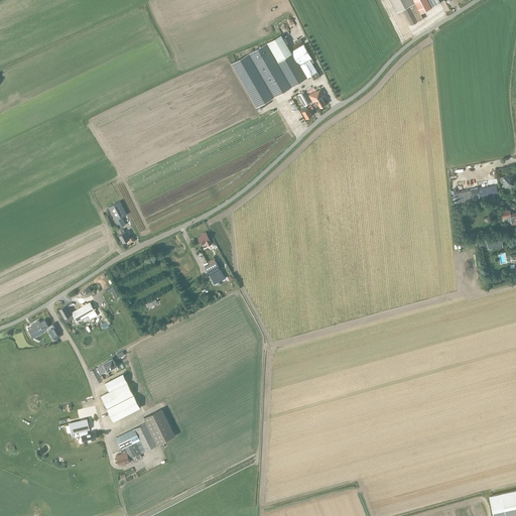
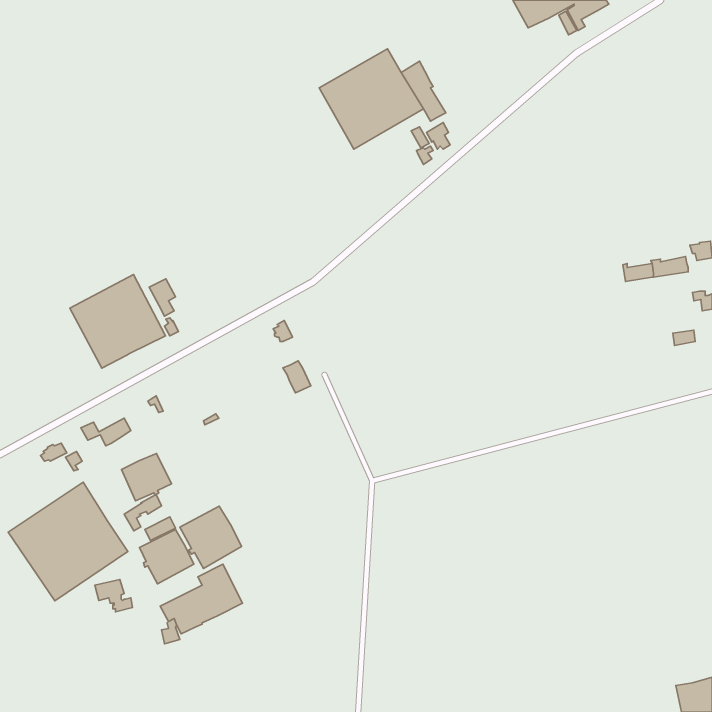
building: none -> [70,274,166,368]
building: none -> [122,454,171,501]
building: none -> [8,482,128,601]
building: none -> [180,506,242,568]

